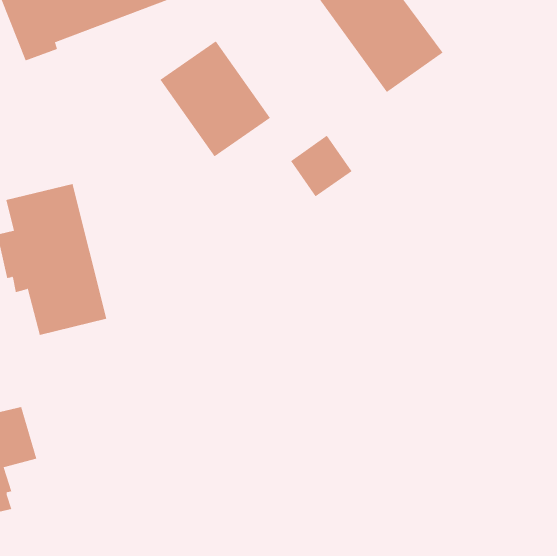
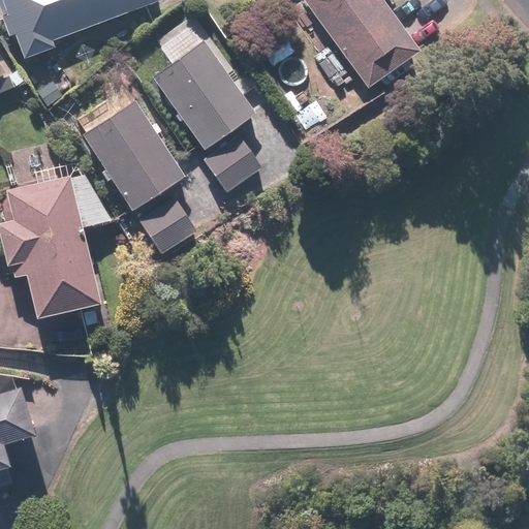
building: none -> [81,98,186,211]
building: [290,135,352,197] -> [201,133,260,192]
building: none -> [136,194,195,252]

